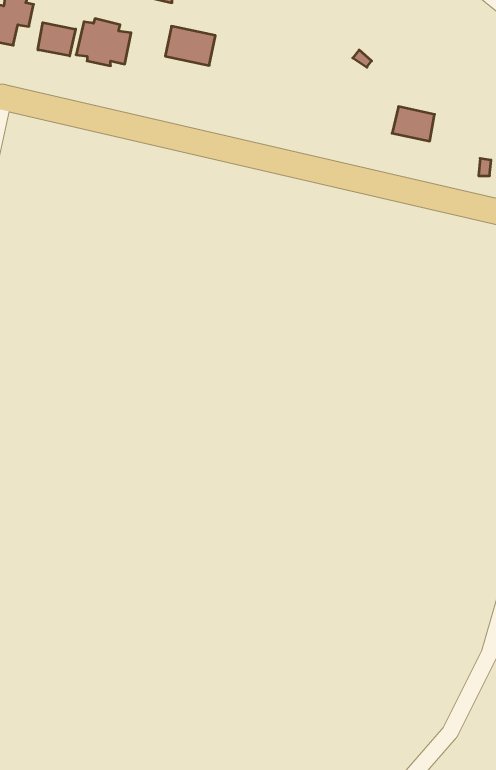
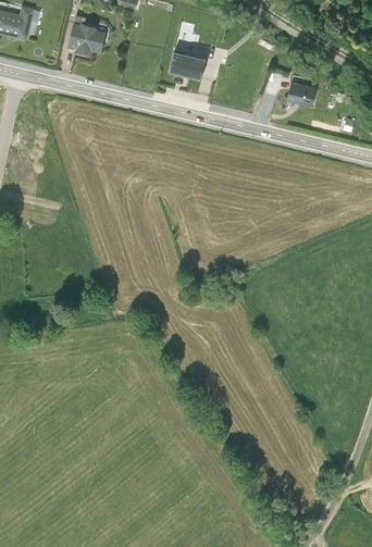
building: [38,23,76,56] -> none
building: [165,26,215,65] -> [170,52,204,79]

